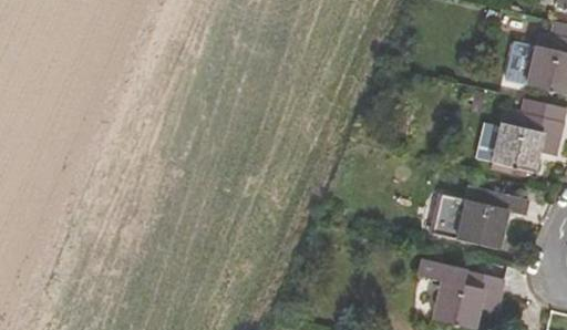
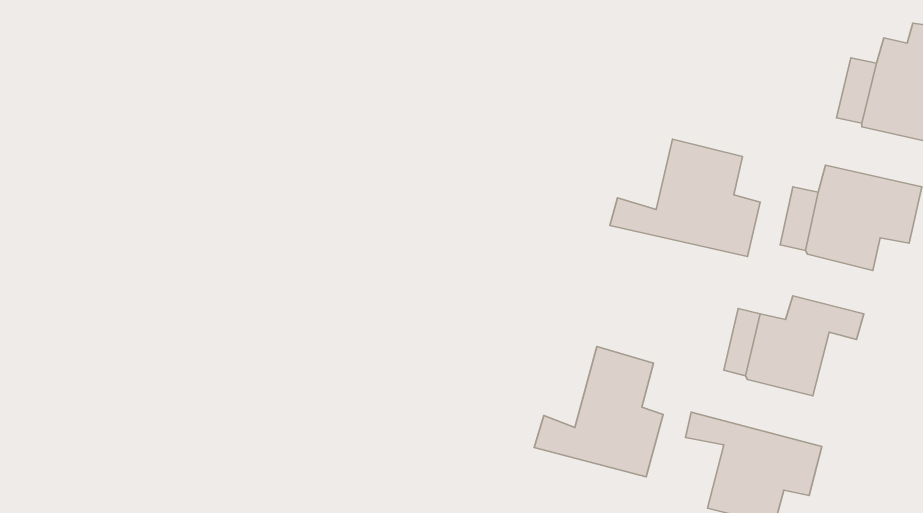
building: none -> [610,139,760,257]
building: none -> [534,346,663,477]

